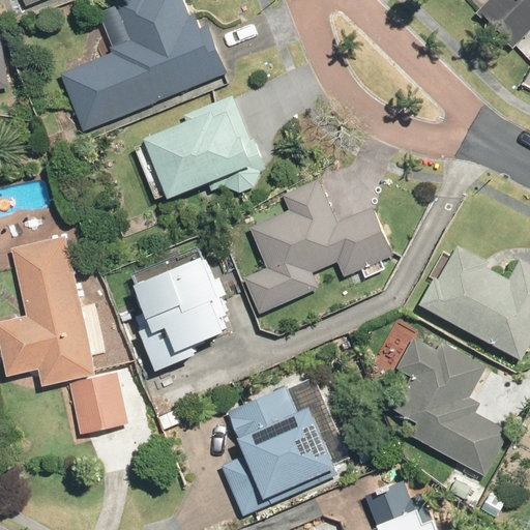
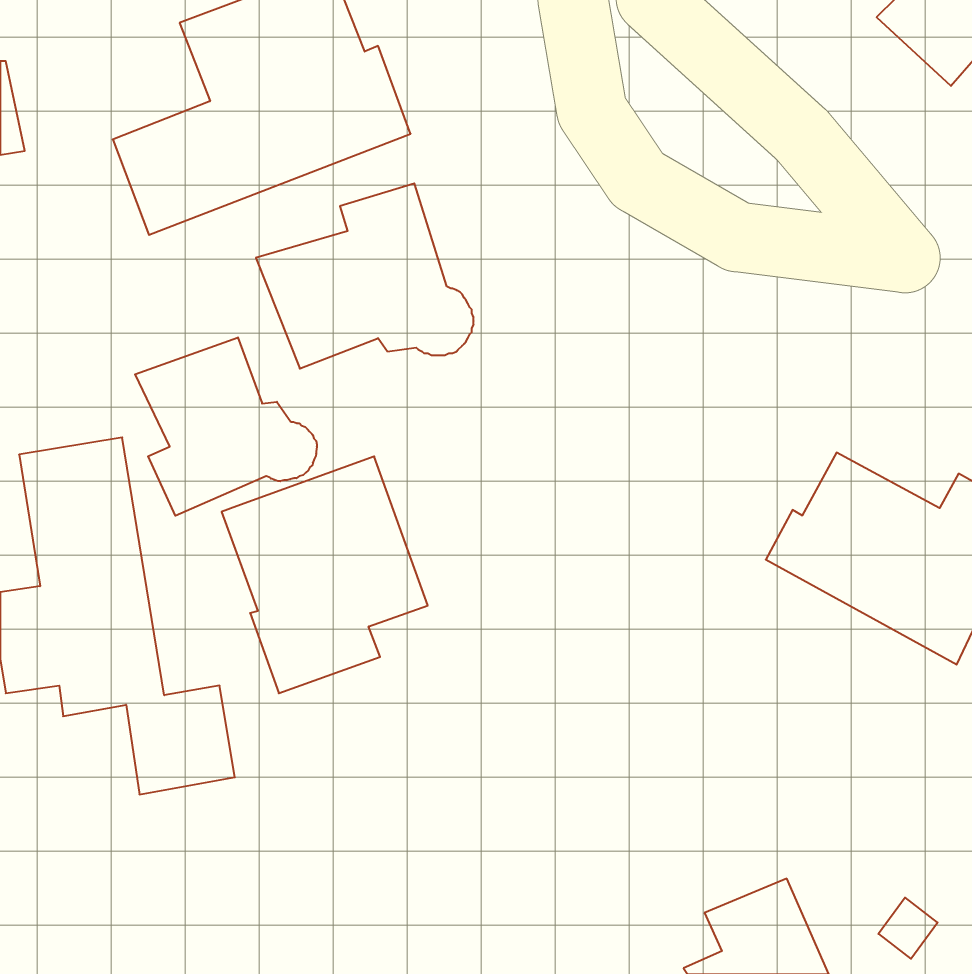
building: [245,179,395,311] -> none
building: none -> [135,337,317,516]
building: [385,324,509,478] -> none
building: [227,388,334,505] -> none

